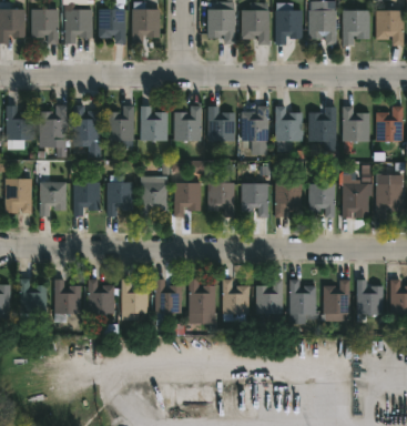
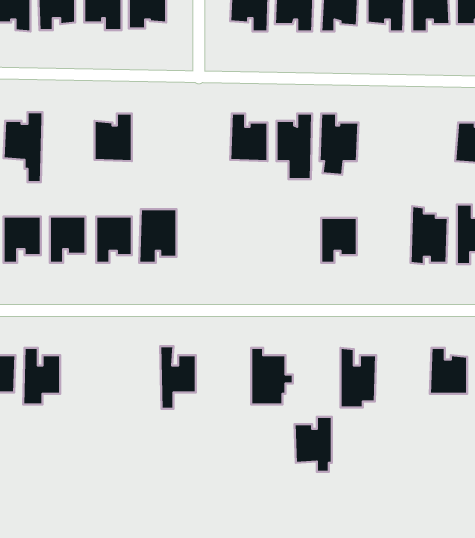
building: [72,105,102,158] -> none
building: [140,106,167,141] -> none
building: [173,106,202,142] -> none
building: [308,106,337,142] -> none
building: [342,106,369,143] -> none
building: [174,183,201,219] -> none
building: [207,183,235,219] -> none
building: [242,184,268,219] -> none
building: [309,184,335,219] -> none
building: [89,280,115,321] -> none
building: [121,280,147,322] -> none
building: [187,281,215,323] -> none
building: [255,281,283,322] -> [294,417,332,472]
building: [323,281,350,321] -> none

